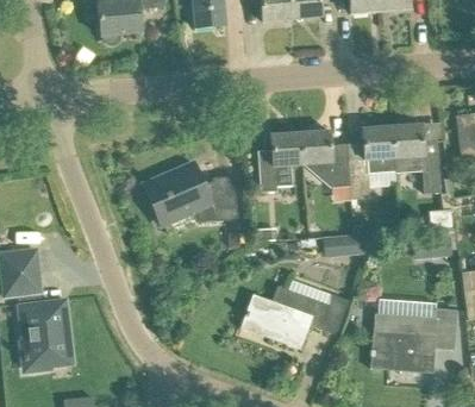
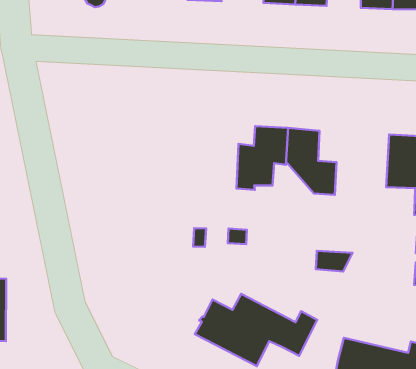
building: [349,125,396,199] -> none
building: [144,163,238,224] -> none

